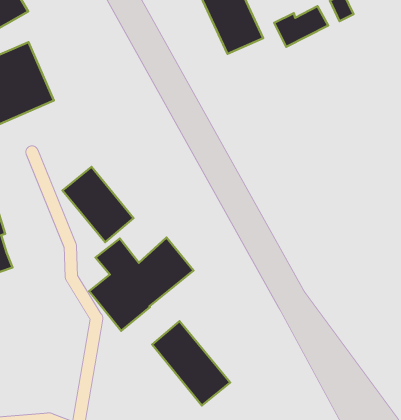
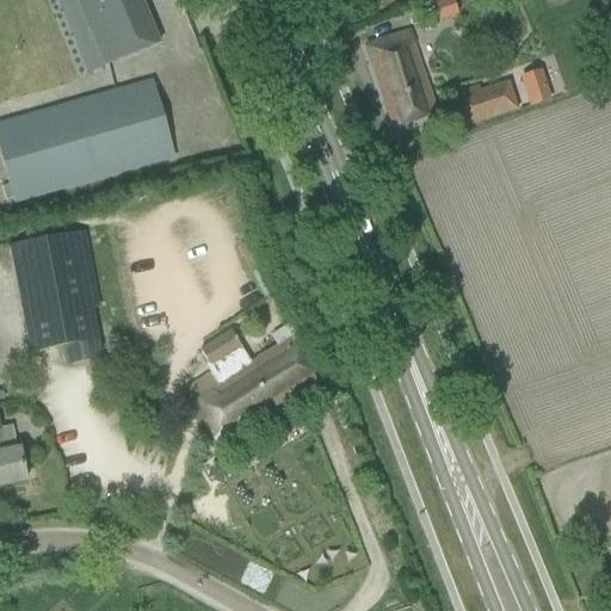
building: [62,167,133,242] -> none
building: [152,321,230,405] -> none

